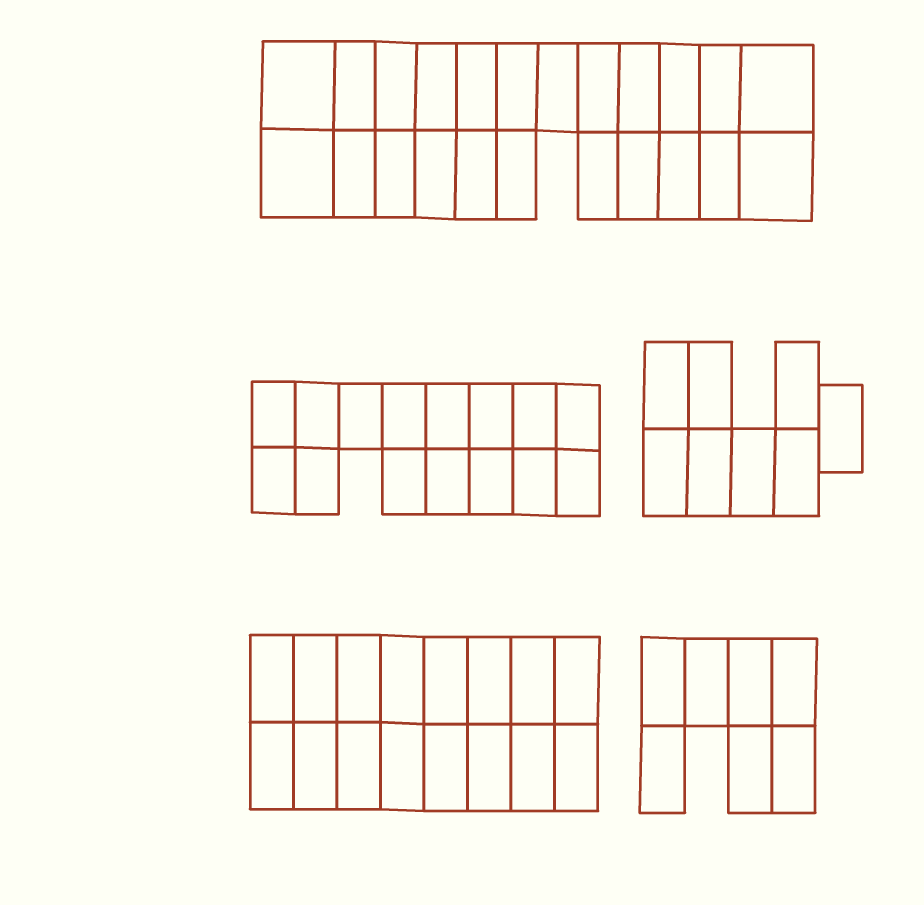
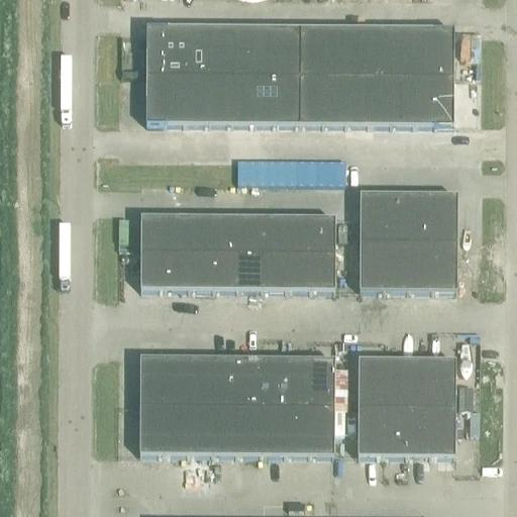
building: none -> [300,73,323,122]
building: [819,385,862,472] -> [409,191,433,239]
building: none -> [190,250,214,287]
building: none -> [383,405,407,453]

